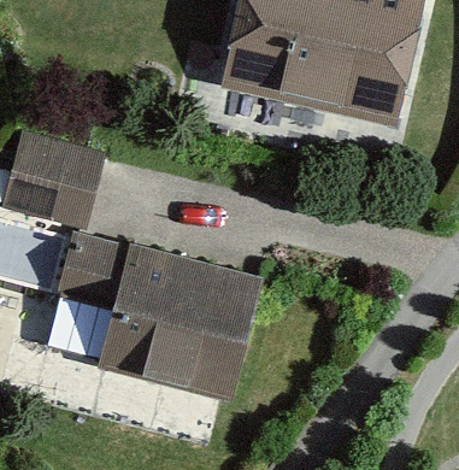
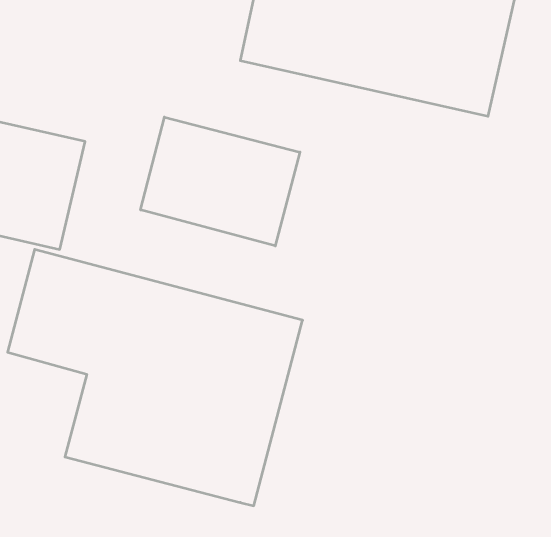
building: none -> [141,117,300,246]

